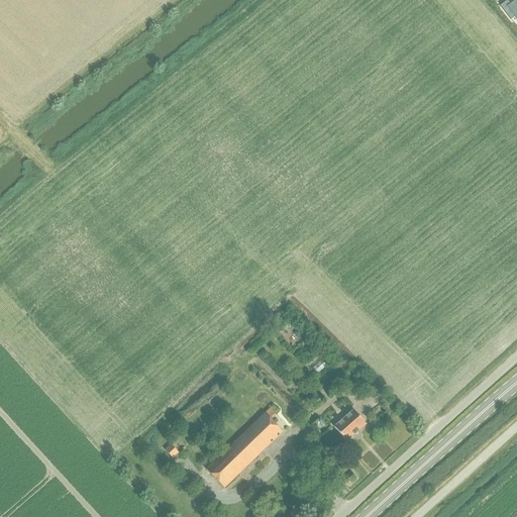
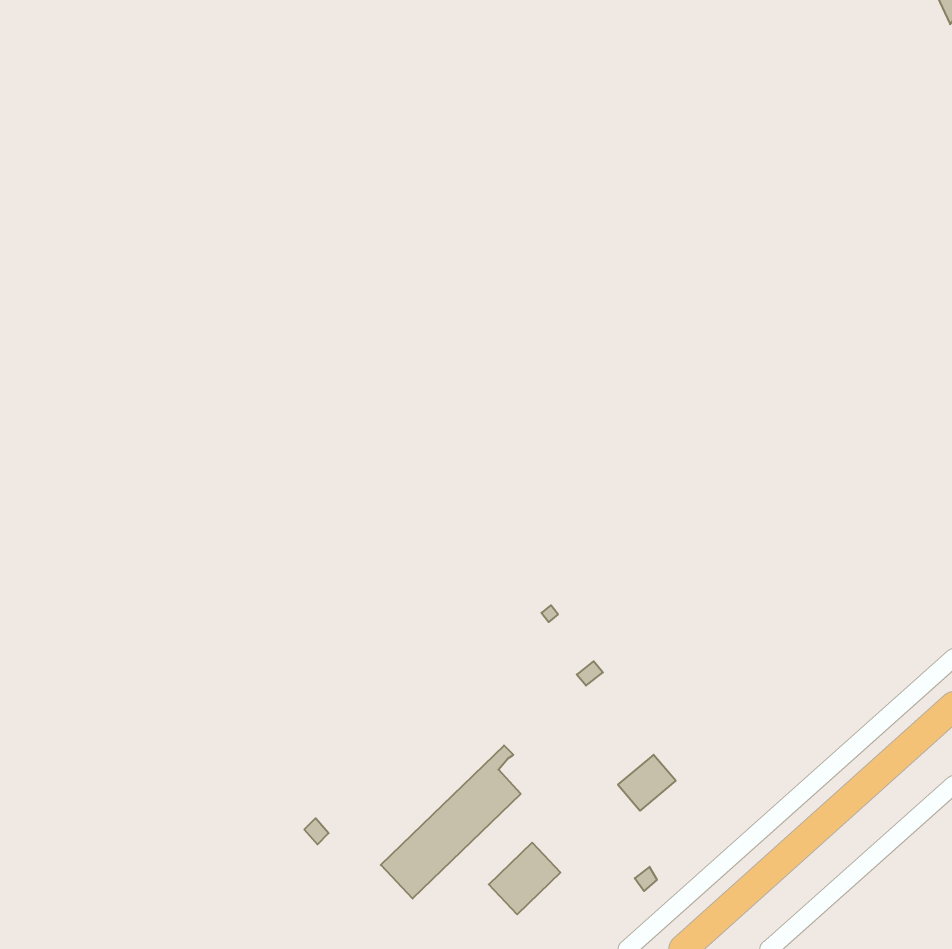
building: none -> [489,843,560,914]

